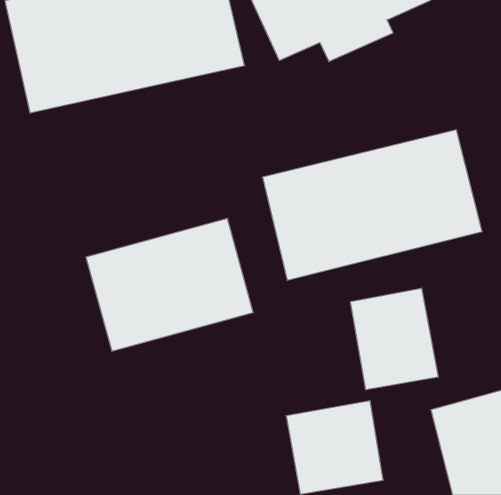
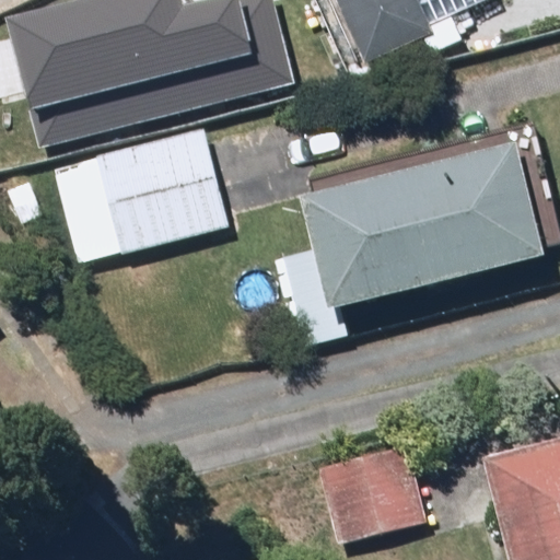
building: [86,218,253,351] -> [54,119,238,266]
building: [350,288,438,390] -> none

